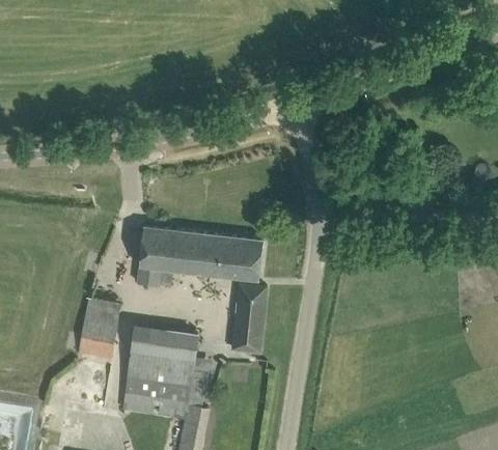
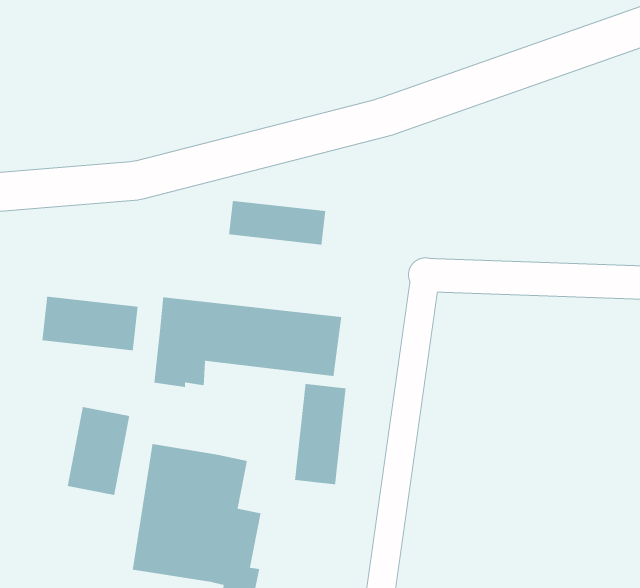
building: none -> [228,200,326,245]
building: none -> [41,296,138,351]

